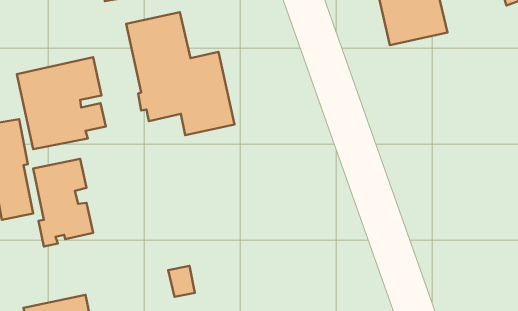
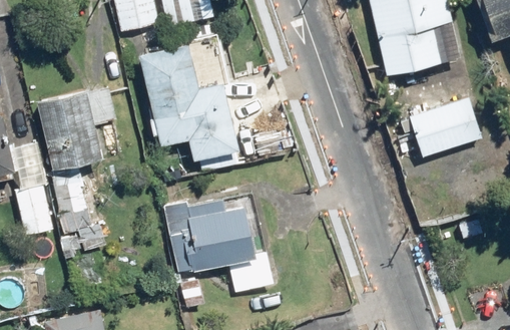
building: none -> [409,93,481,158]
building: none -> [162,201,274,295]

